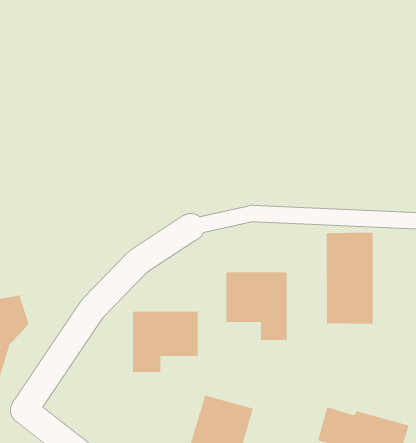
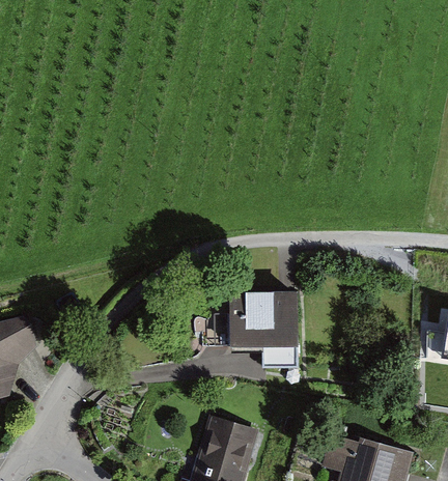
building: [326,232,373,324] -> none
building: [132,311,198,373] -> none

